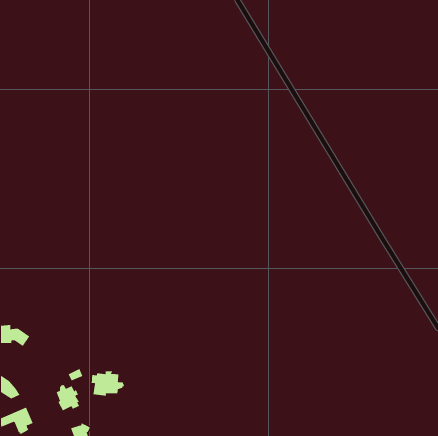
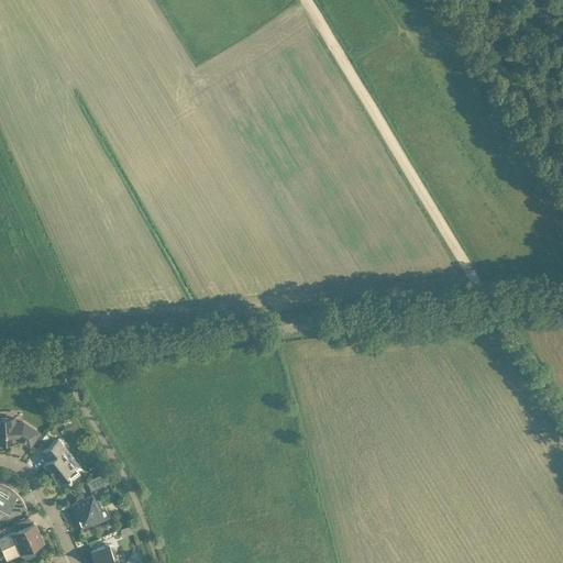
building: none -> [42,440,77,486]
building: [91,371,125,396] -> none

